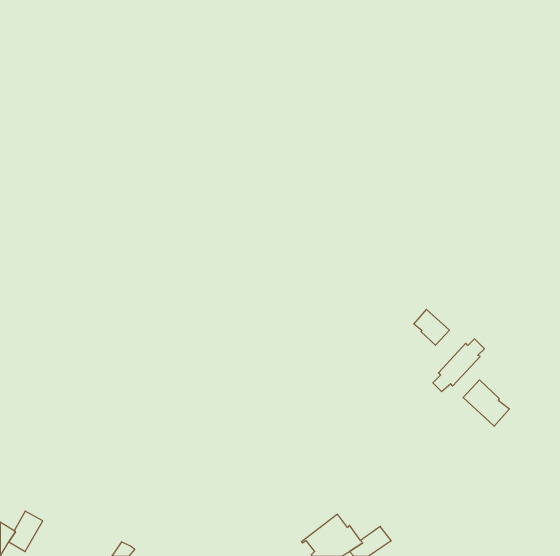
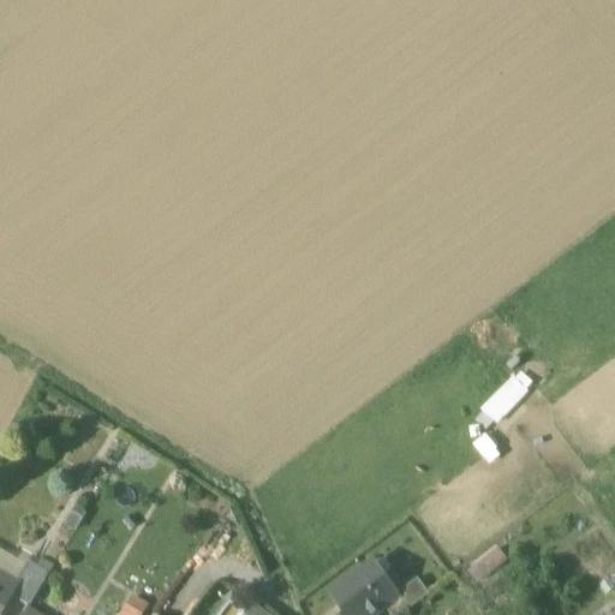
building: [414,309,449,345] -> none
building: [463,380,509,426] -> none

